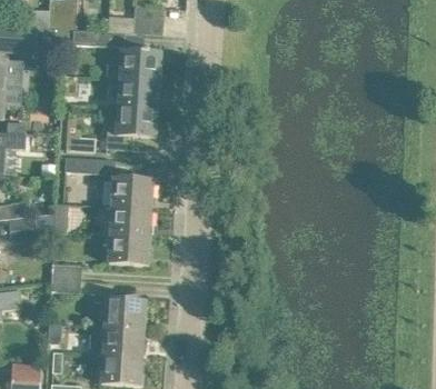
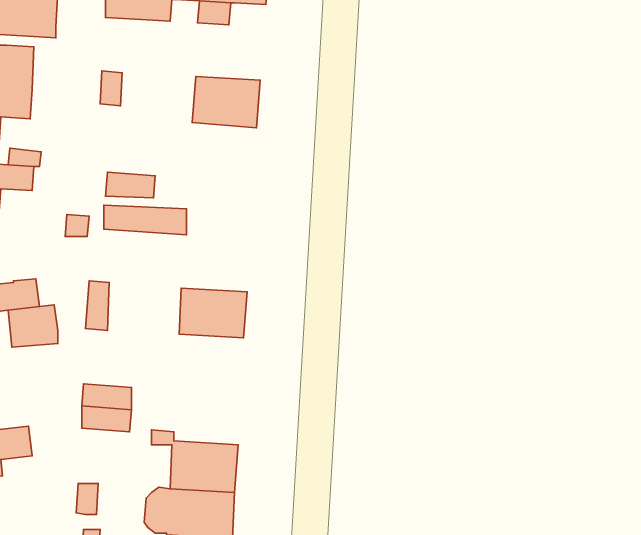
building: [106,49,161,80] -> none
building: [106,106,157,149] -> none
building: [111,177,152,208] -> none
building: [108,233,149,265] -> none

